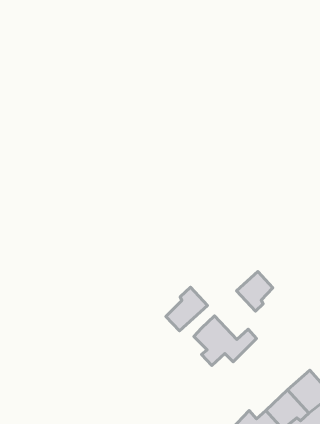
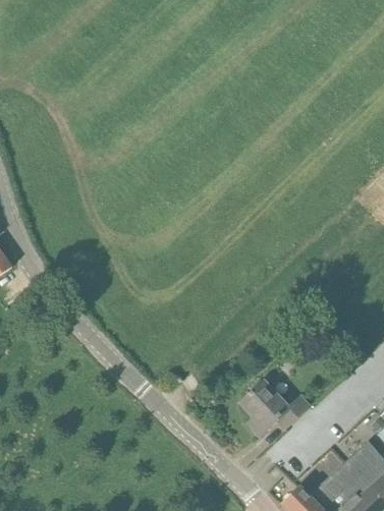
building: [236,272,273,311] -> none
building: [166,287,208,331] -> none

